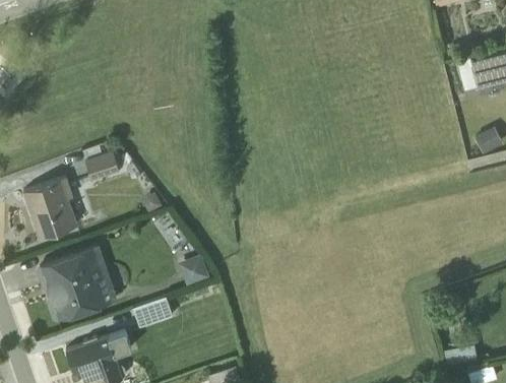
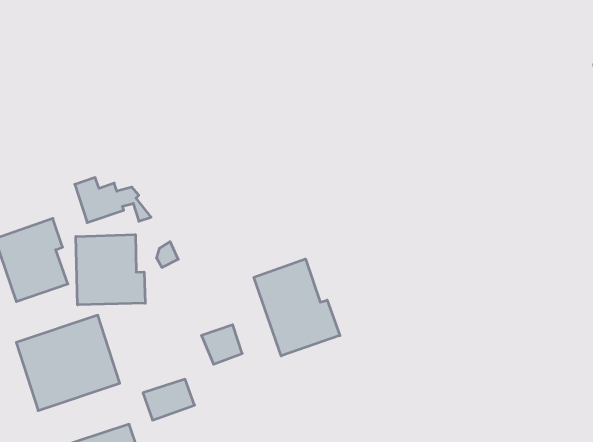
building: none -> [76,235,145,305]
building: none -> [254,259,340,356]

